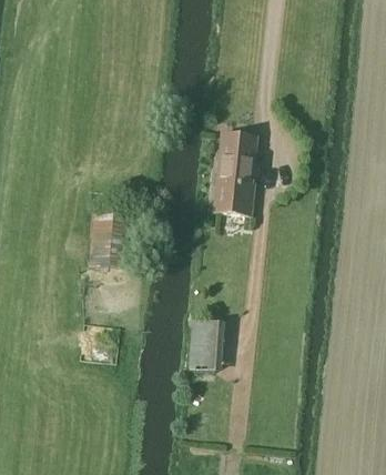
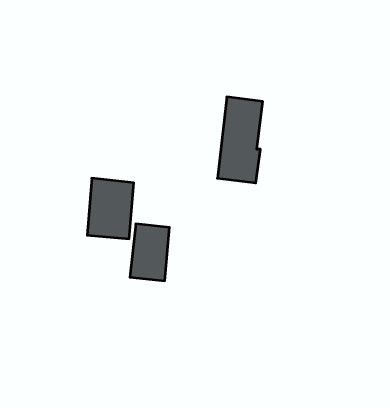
building: [186,317,224,372] -> [130,224,169,281]

